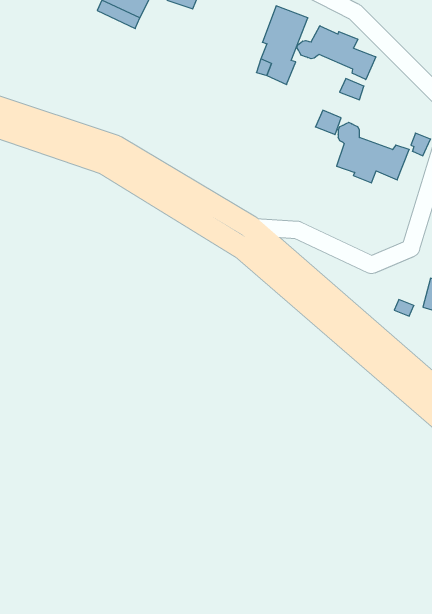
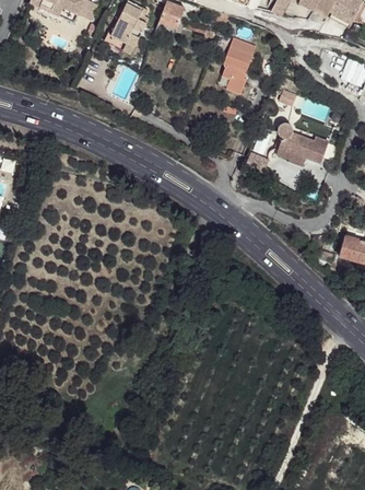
building: [297,26,376,80] -> none

